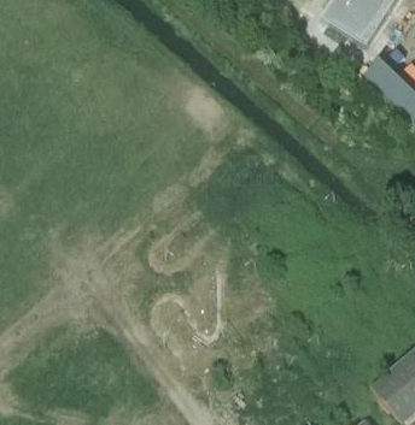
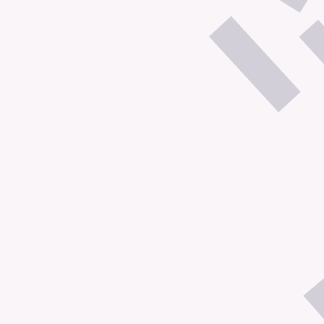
building: none -> [208,15,302,113]

